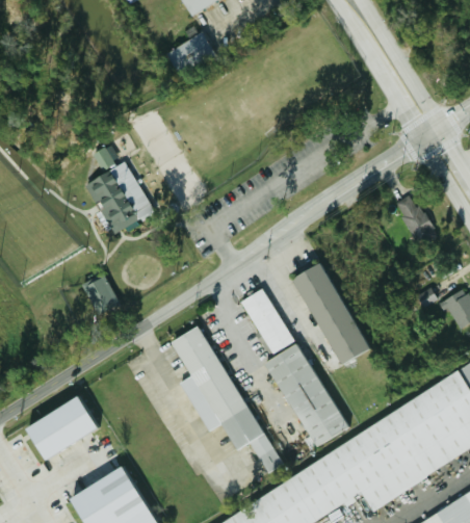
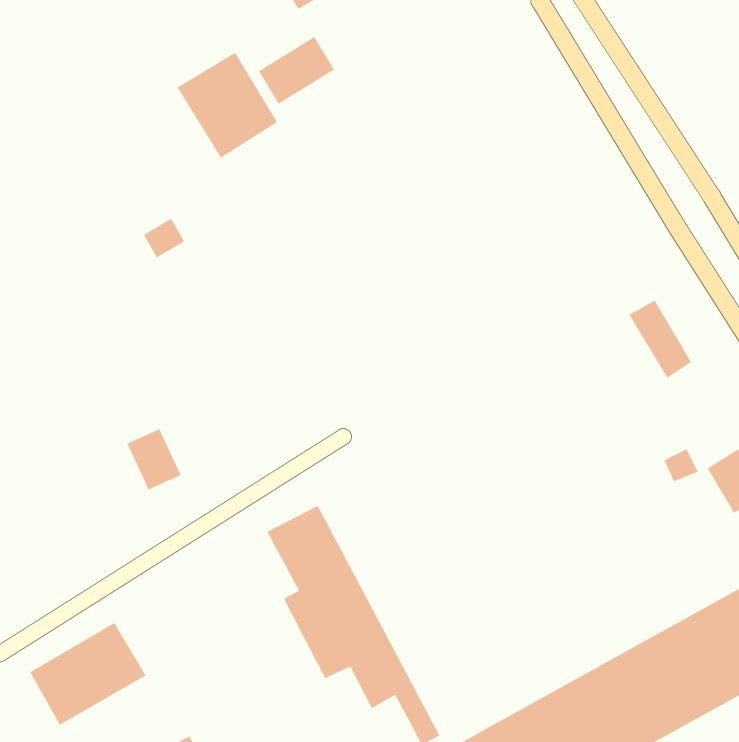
building: none -> [177,52,278,159]
building: [86,161,155,239] -> none
building: [294,262,367,365] -> none
building: [242,287,347,448] -> none

